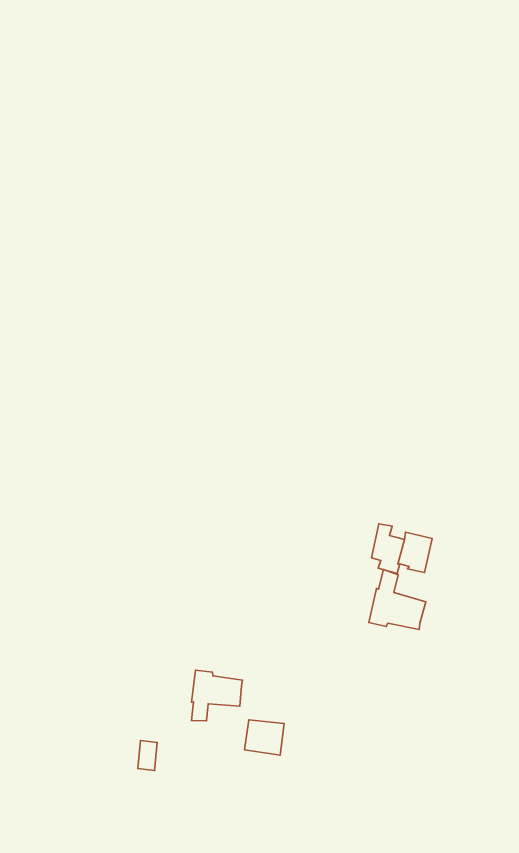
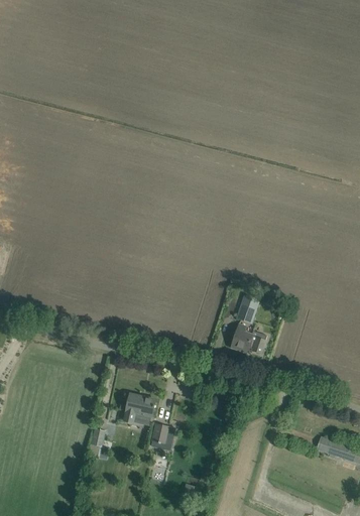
building: none -> [236,295,258,324]
building: [369,570,426,630] -> none

